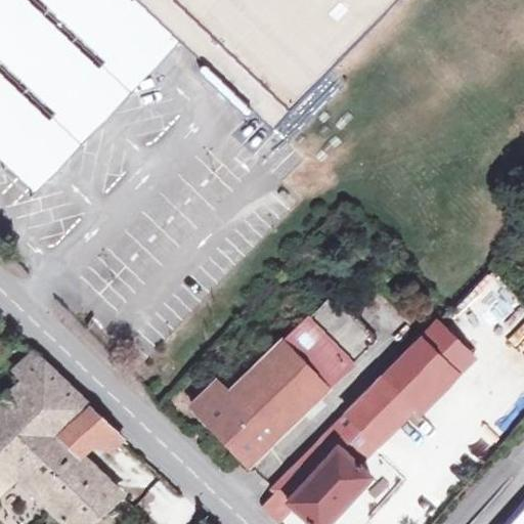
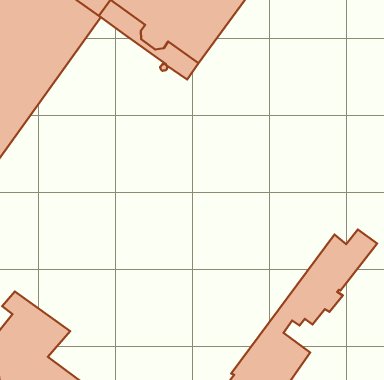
building: [191,292,378,465] -> none
building: [61,408,122,454] -> none

